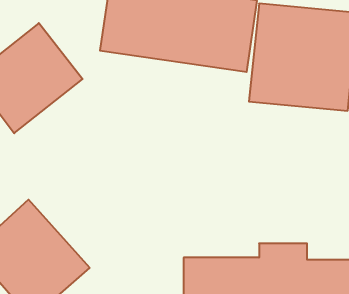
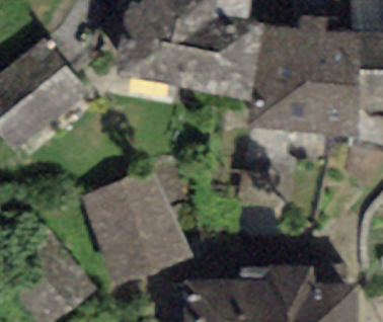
building: none -> [81,173,190,287]

